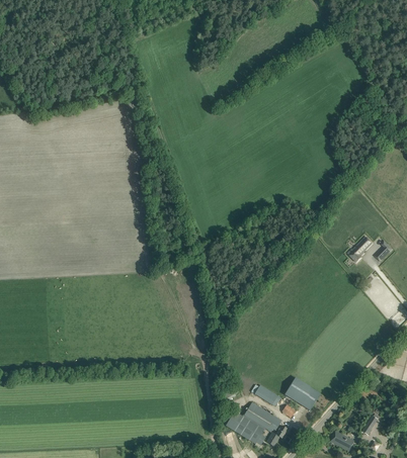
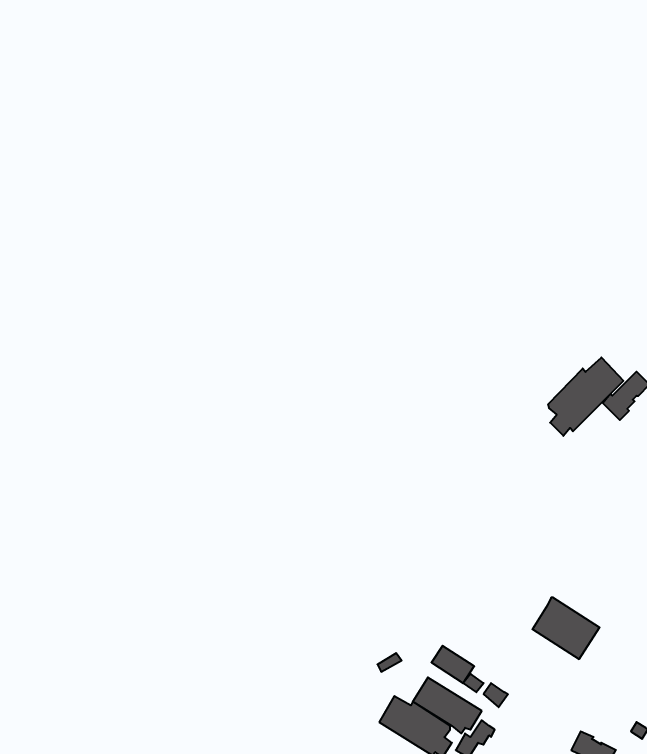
building: none -> [548,357,623,436]
building: [284,377,321,410] -> [532,598,600,659]

